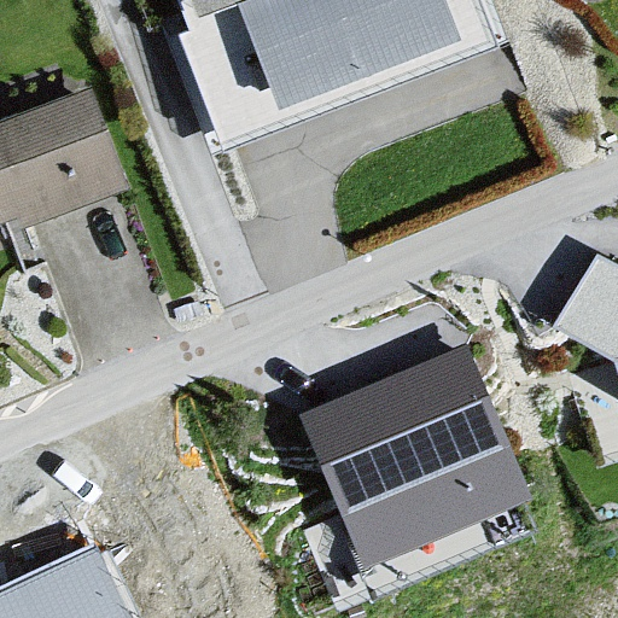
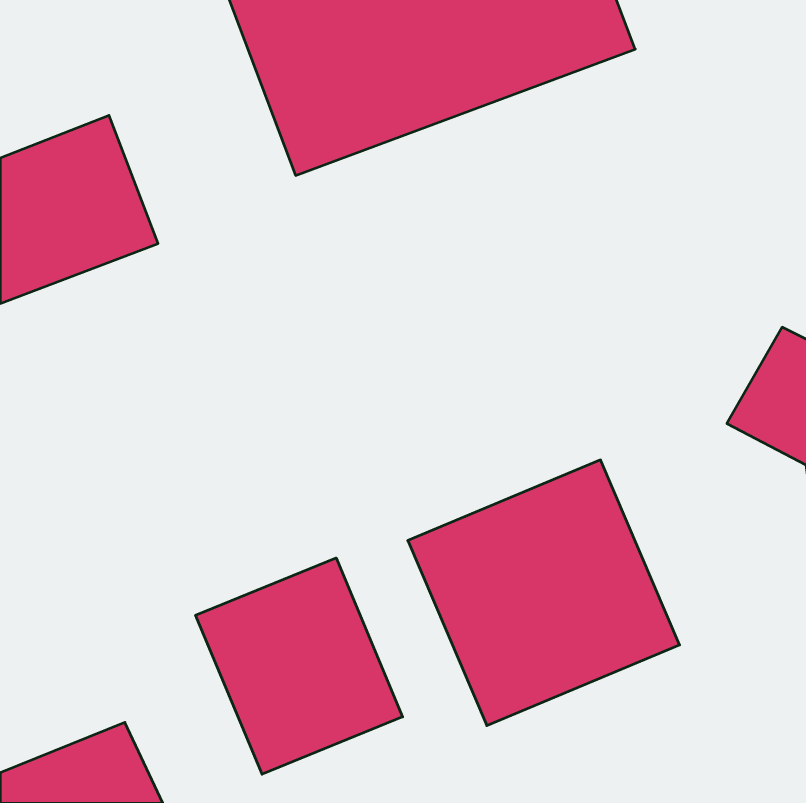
building: none -> [196,558,403,774]

